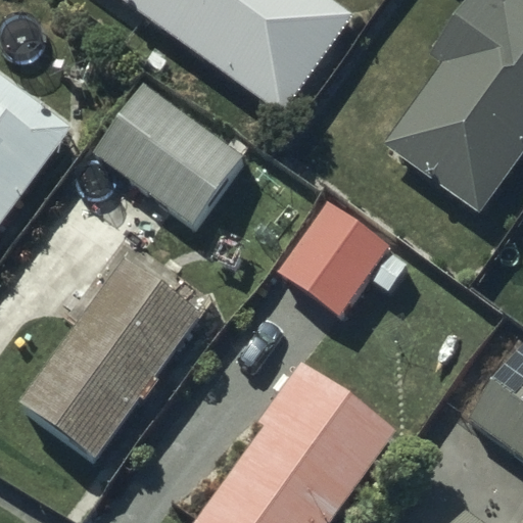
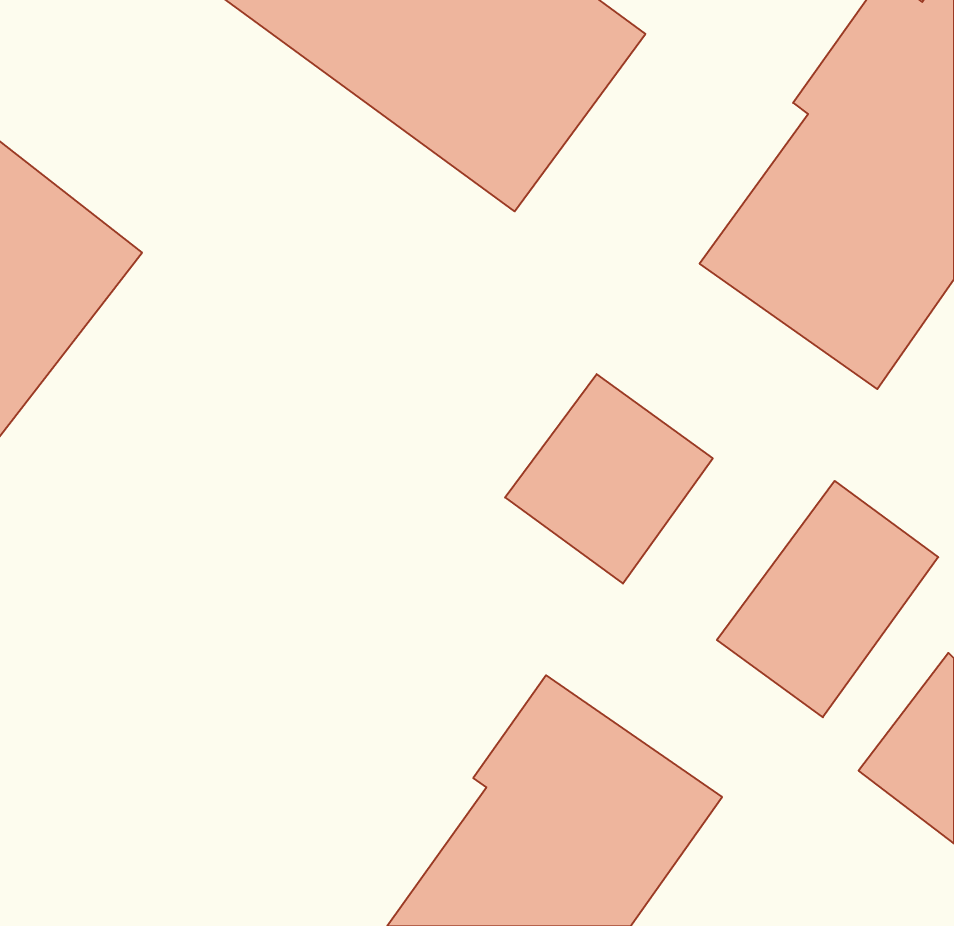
building: [92,82,245,229] -> none
building: none -> [717,481,938,717]
building: [19,265,200,463] -> none

